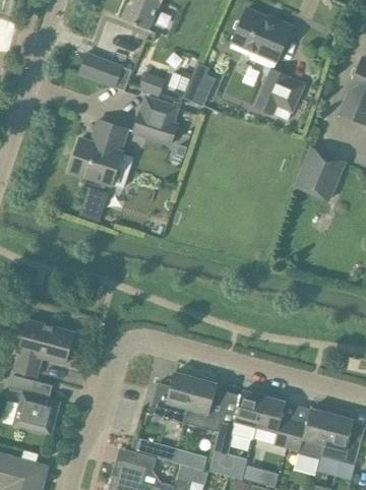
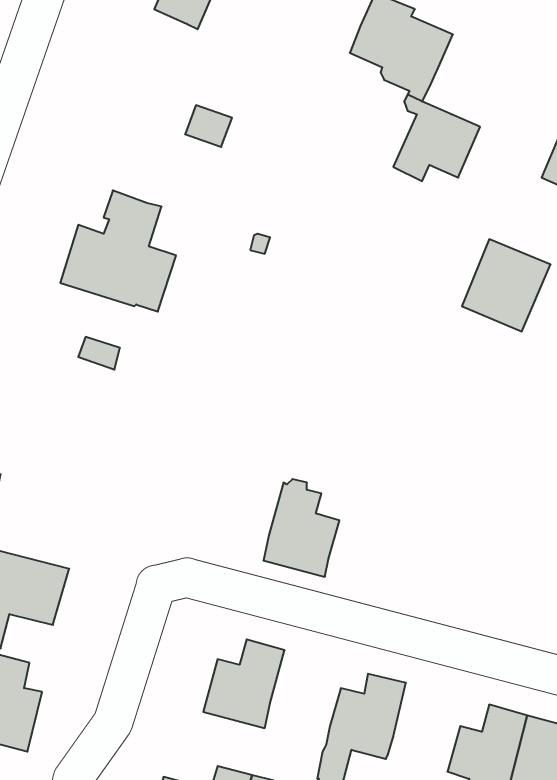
building: [78,54,122,87] -> none
building: [183,62,216,107] -> none
building: [133,97,180,144] -> none
building: [184,376,227,431] -> [263,479,339,577]
building: [253,396,294,446] -> none

